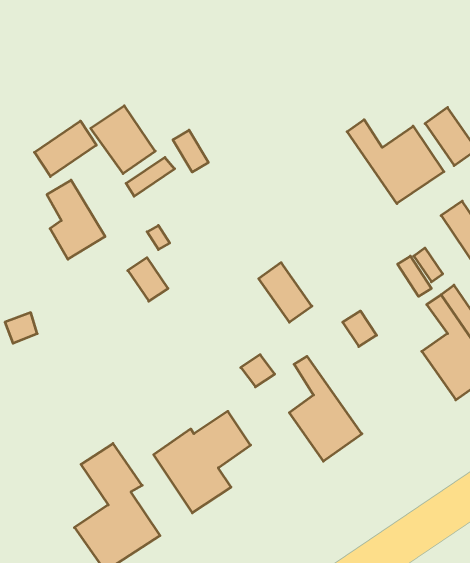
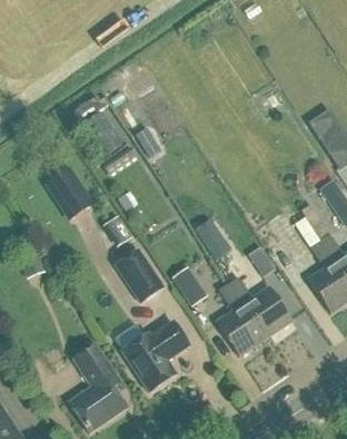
building: [347,120,444,204] -> none
building: [34,121,96,177] -> none
building: none -> [116,250,163,301]
building: none -> [228,276,293,336]

